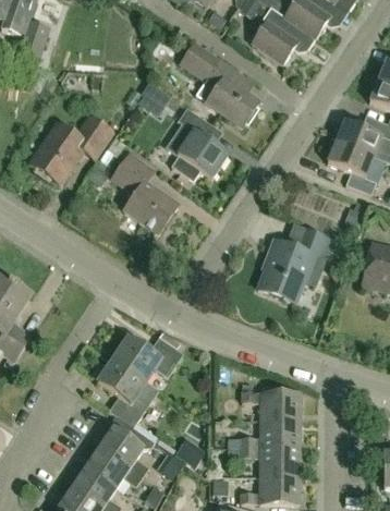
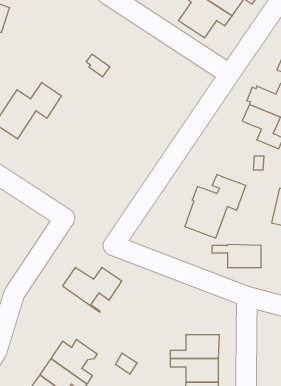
building: [181,41,257,124] -> none
building: [170,107,228,180] -> none
building: [112,154,176,233] -> none
building: [97,358,157,425] -> none
building: [241,390,300,417] -> [212,245,261,267]

